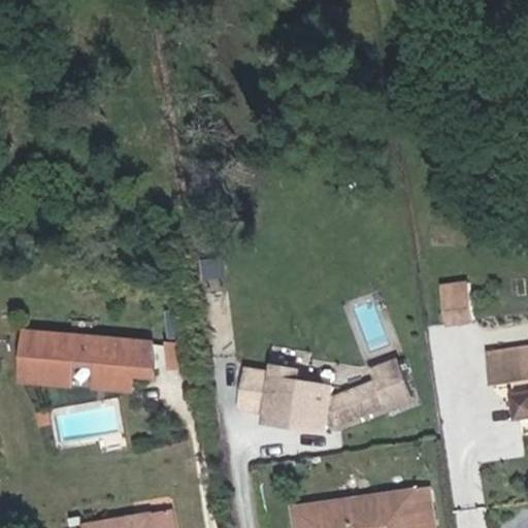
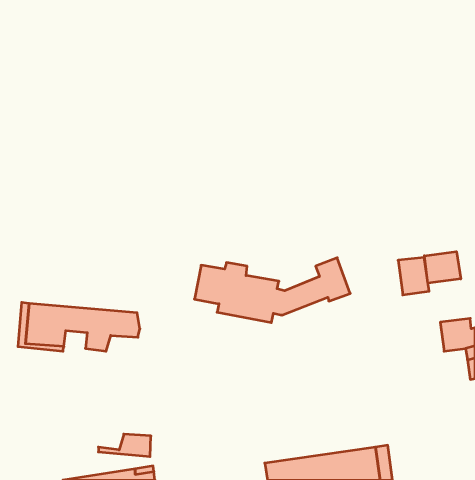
building: none -> [424,252,461,283]
building: [238,361,409,432] -> [194,258,350,323]
building: [94,368,152,393] -> [98,434,151,457]

